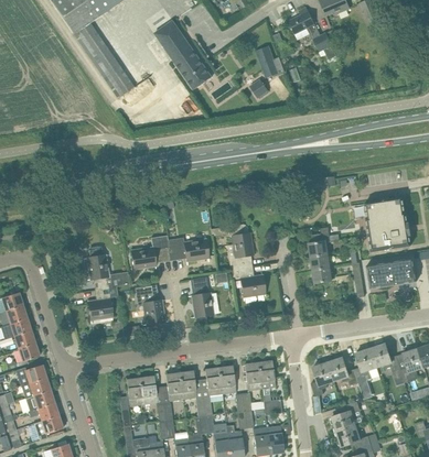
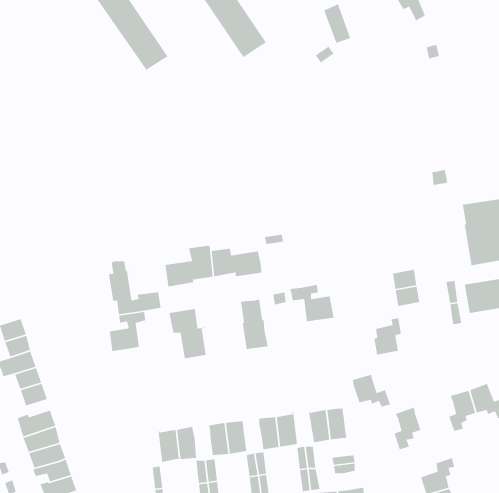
building: [228,224,257,269] -> none
building: [308,227,330,257] -> [374,317,402,355]
building: [328,357,358,383] -> [352,374,391,408]

